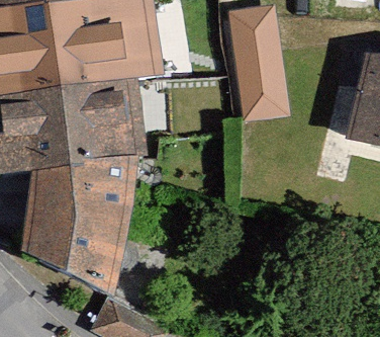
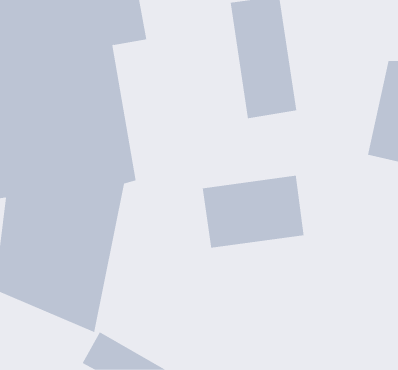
building: none -> [202,175,304,248]

